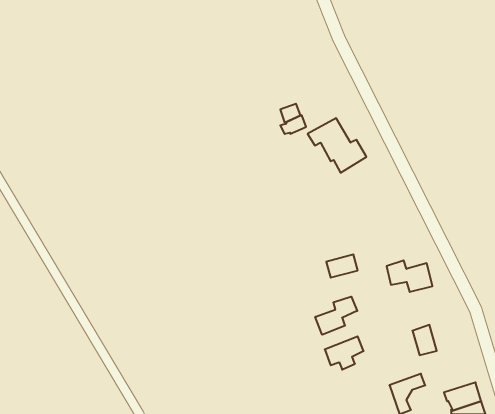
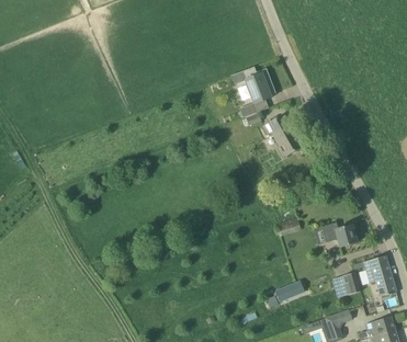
building: none -> [242,66,274,102]
building: [315,297,357,335] -> none
building: none -> [351,254,396,296]

